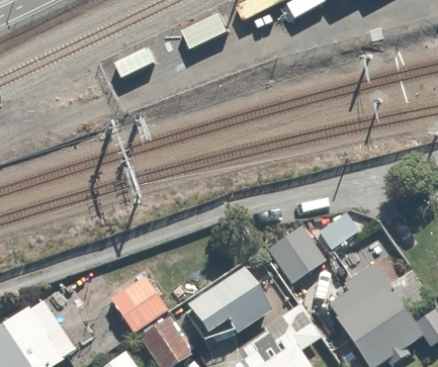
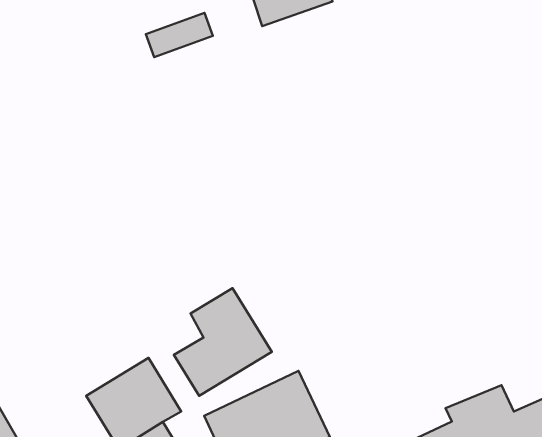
building: none -> [174,288,272,396]
building: [267,225,324,283] -> none

